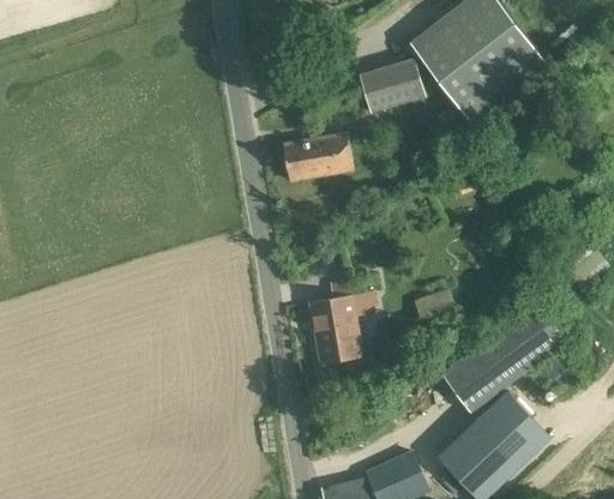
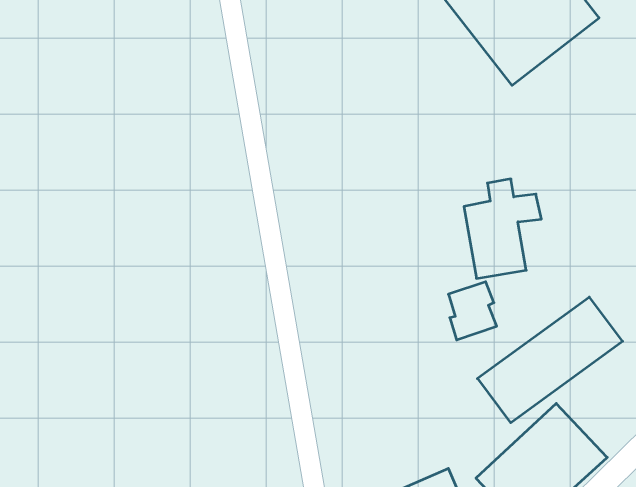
building: [357,58,425,114] -> none
building: [283,133,353,180] -> none
building: [308,278,375,365] -> [464,179,541,278]

